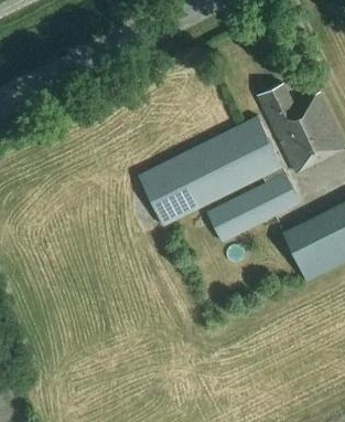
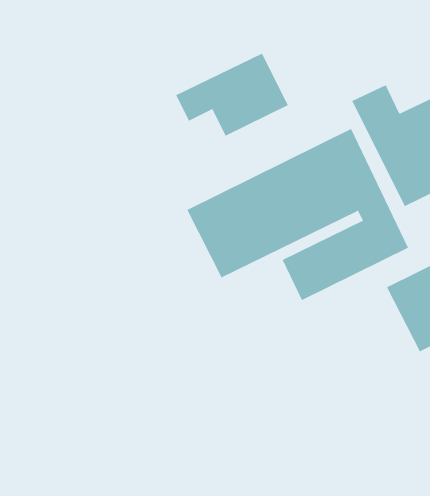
building: none -> [175,53,288,137]

